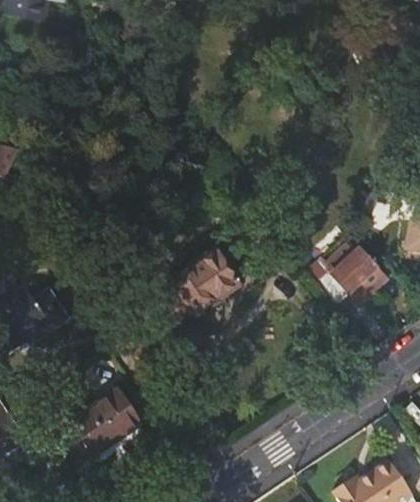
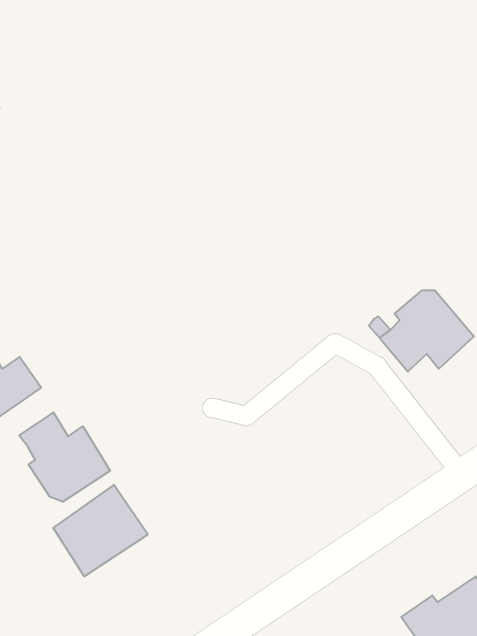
building: [163,251,240,320] -> none
building: none -> [19,412,110,502]

